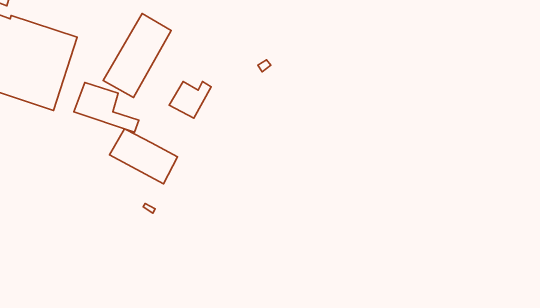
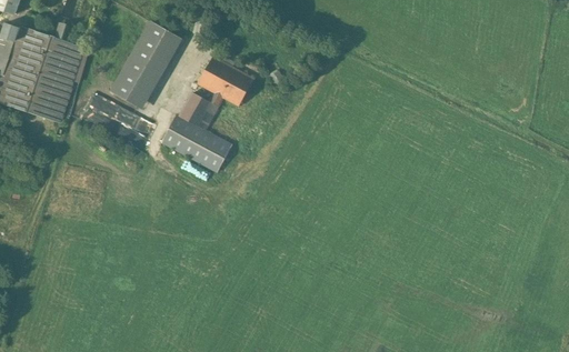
building: none -> [198,54,253,105]
building: [109,129,177,184] -> [161,114,231,171]

